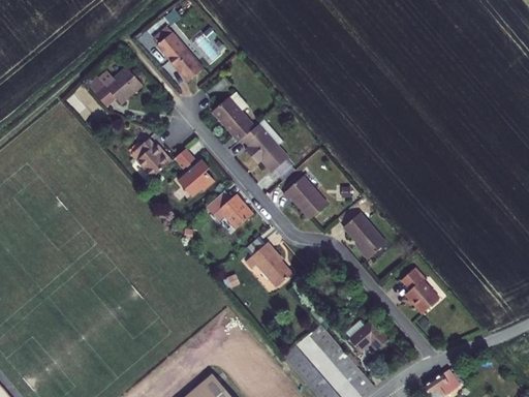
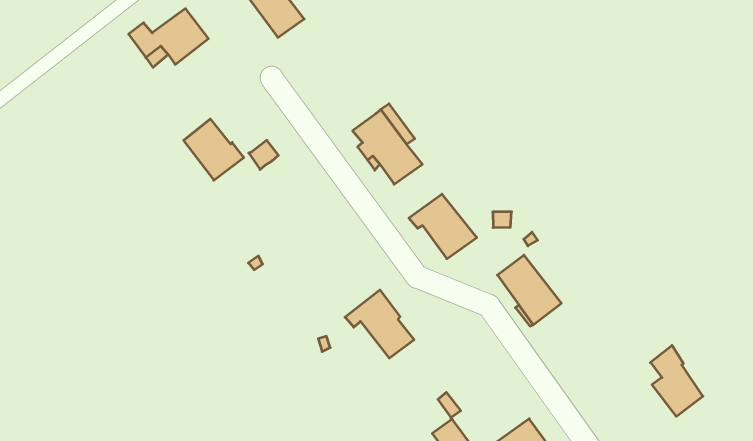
building: [212,97,255,143] -> none
building: [177,160,213,196] -> none
building: [206,191,252,230] -> none
building: [402,268,438,314] -> [650,345,703,416]

